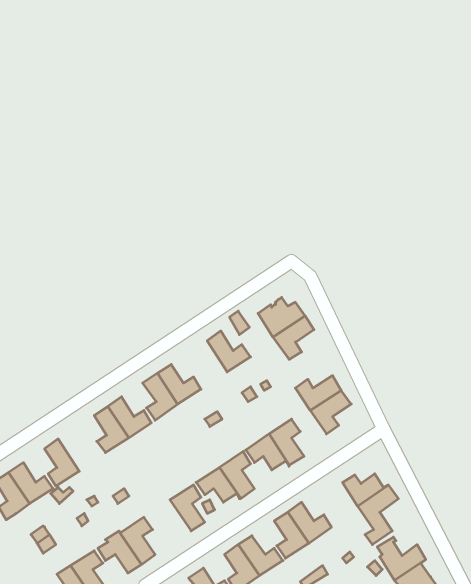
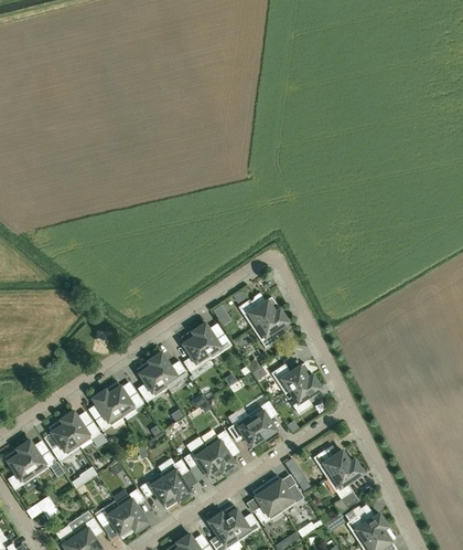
building: none -> [183,331,211,372]
building: none -> [61,411,100,447]
building: none -> [139,473,179,509]

